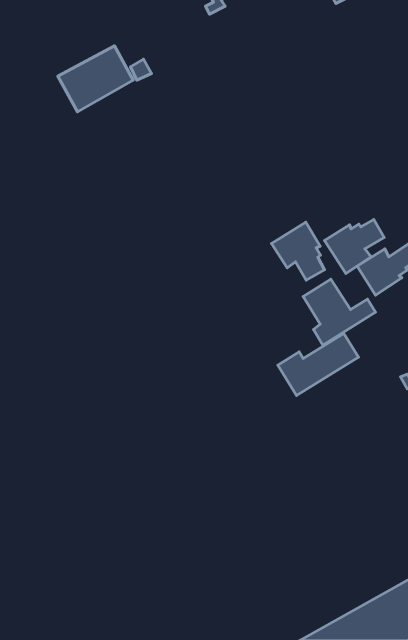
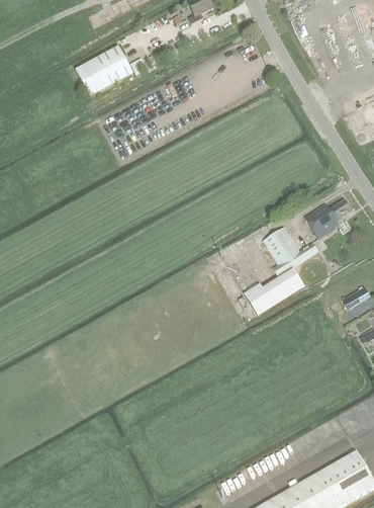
building: [325,219,384,274] -> none
building: [272,222,325,280] -> none

